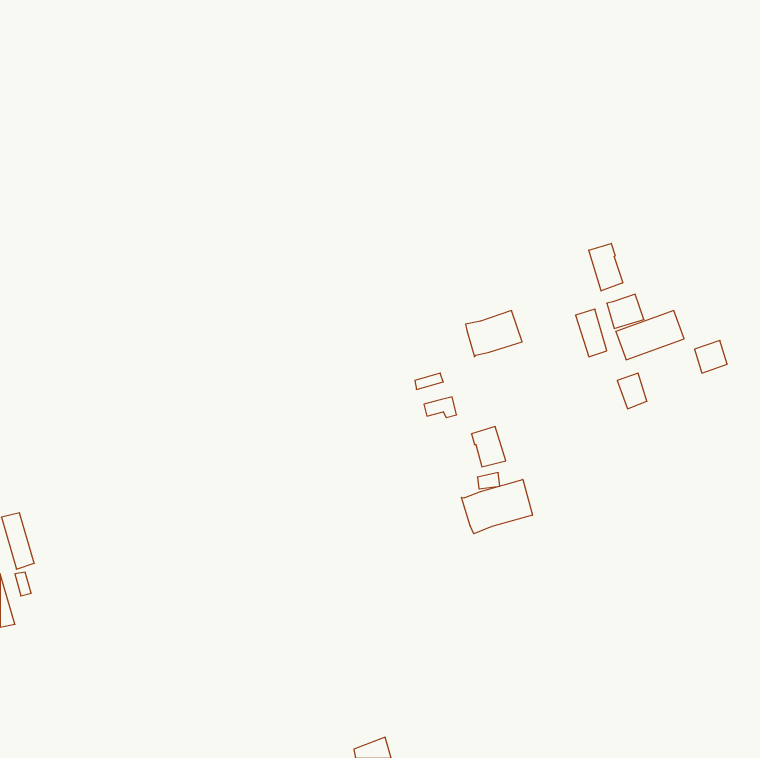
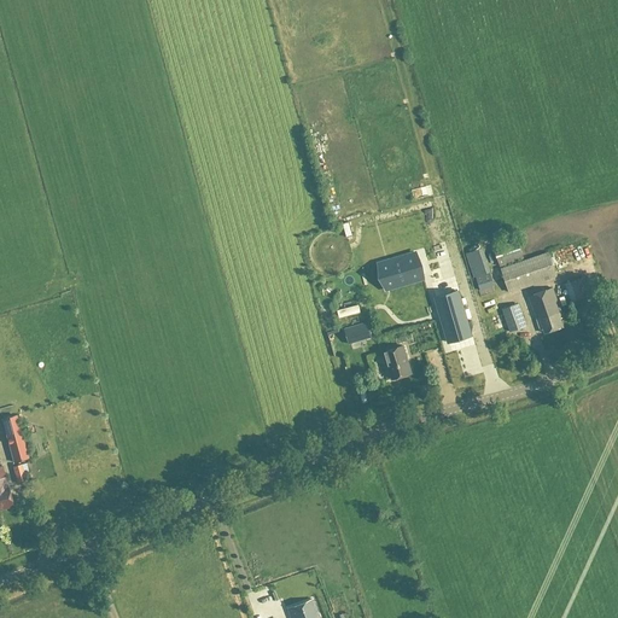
building: [589,243,623,291] -> none
building: none -> [527,288,562,333]
building: none -> [435,291,470,343]
building: [461,479,532,534] -> none

